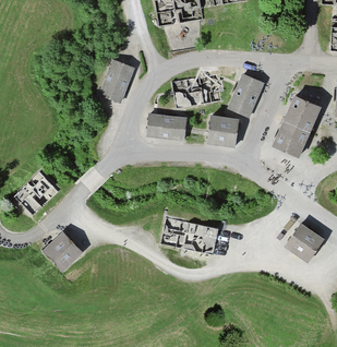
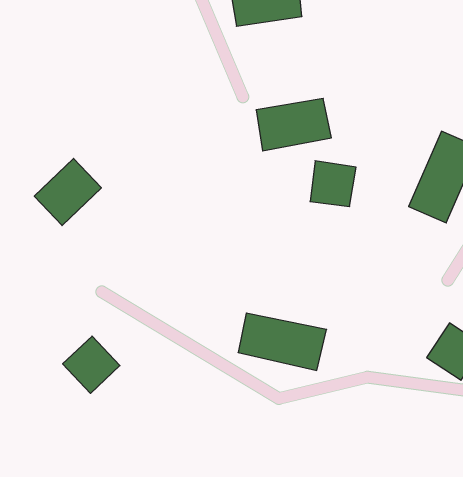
building: [99,59,133,101] -> none
building: [228,73,263,116] -> none
building: [146,113,185,139] -> none
building: [13,170,58,215] -> [34,158,101,226]

